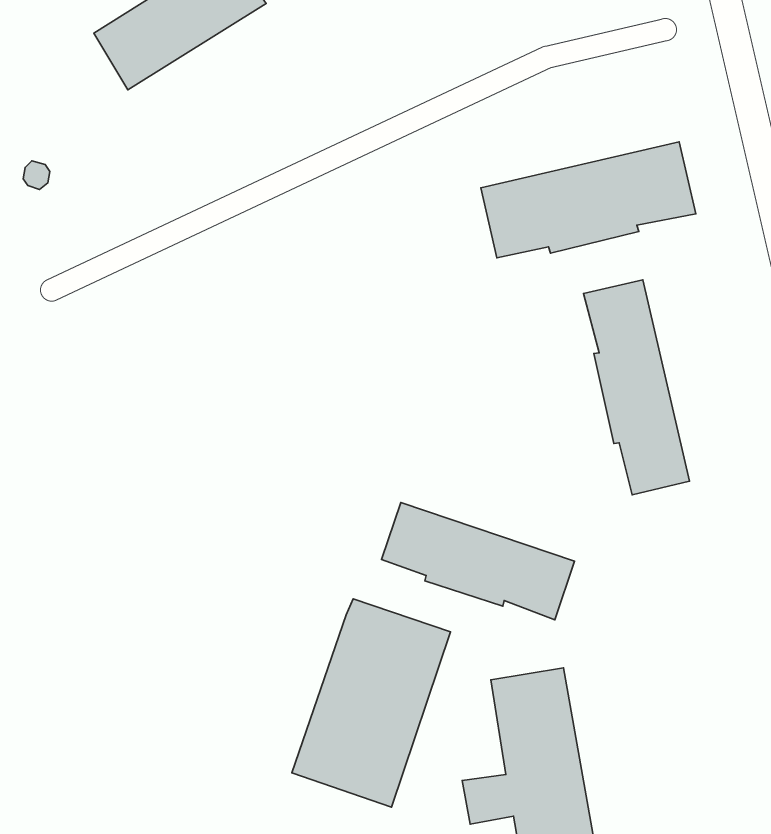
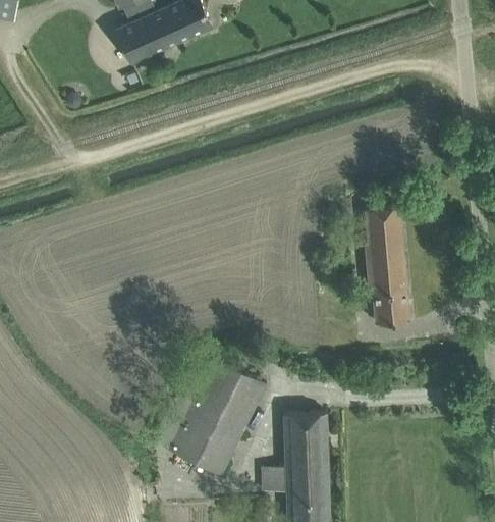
building: [481,142,696,258] -> none
building: [381,503,575,620] -> none

